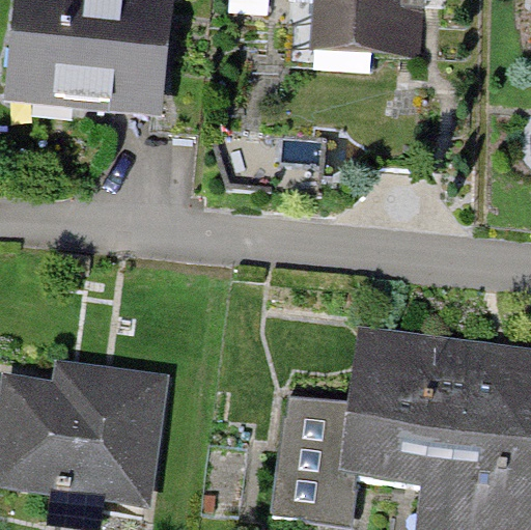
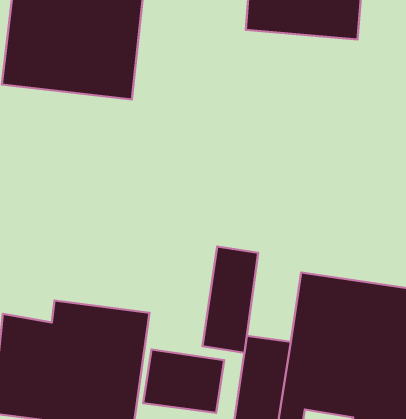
building: none -> [203,247,258,353]
building: none -> [143,349,224,413]

